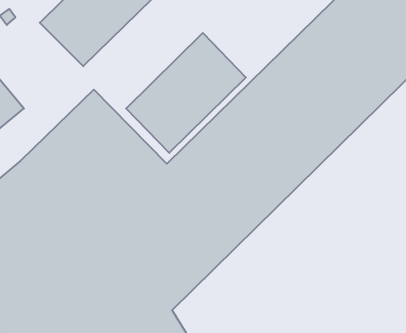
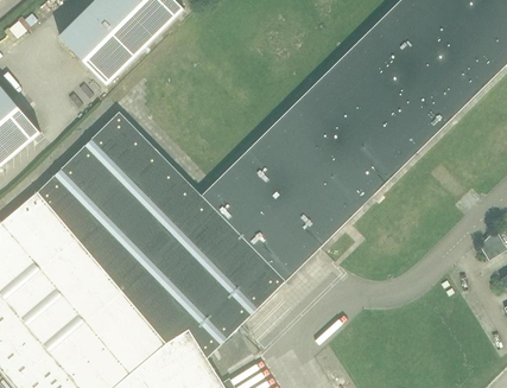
building: [126,33,246,153] -> none

